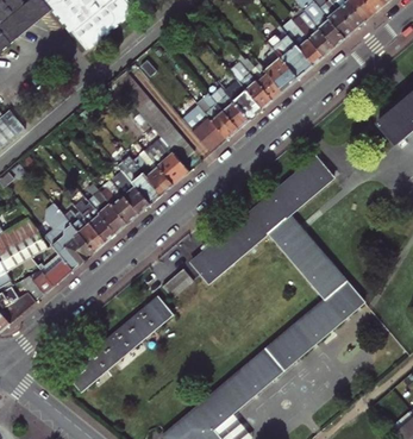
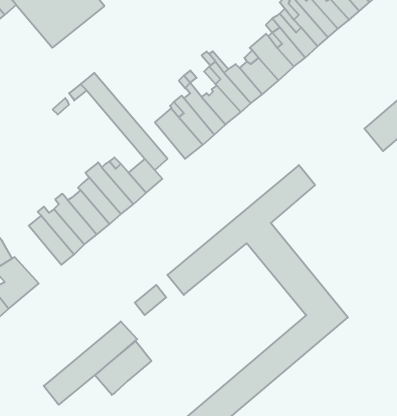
building: [43,203,93,270] -> none
building: none -> [95,341,151,395]

